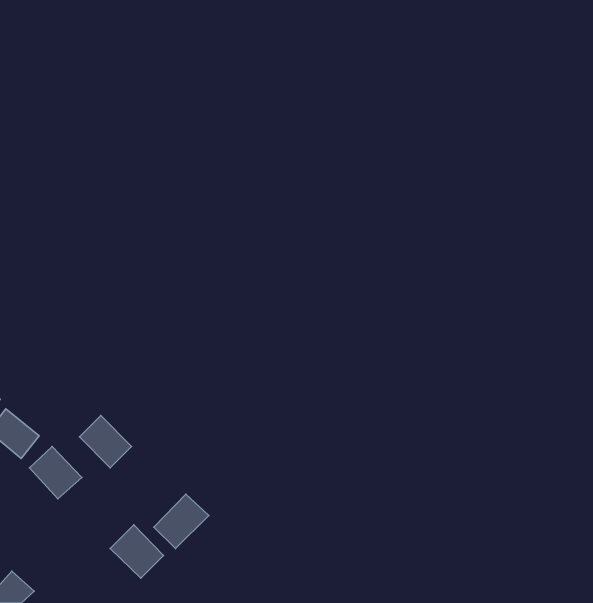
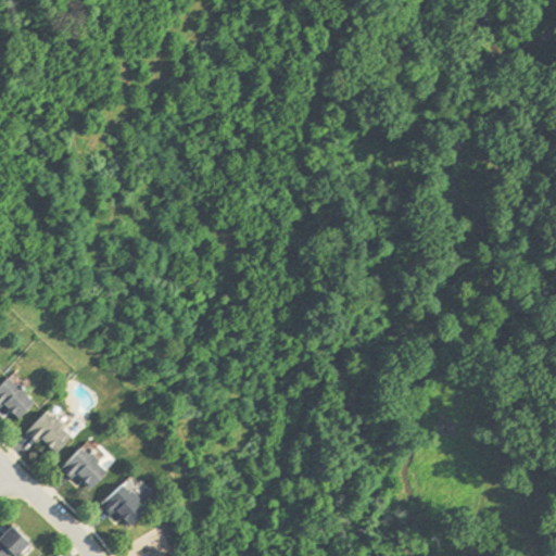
building: [80,416,132,468] -> [62,444,110,492]
building: [154,494,209,549] -> none

